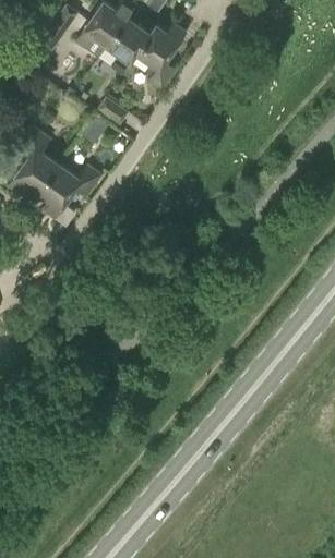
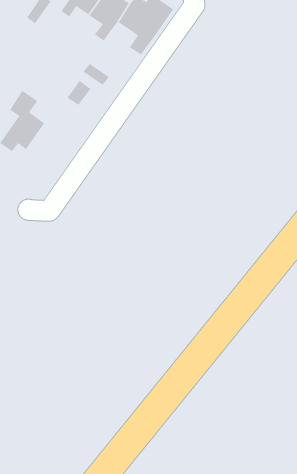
building: [37,162,101,226] -> none

